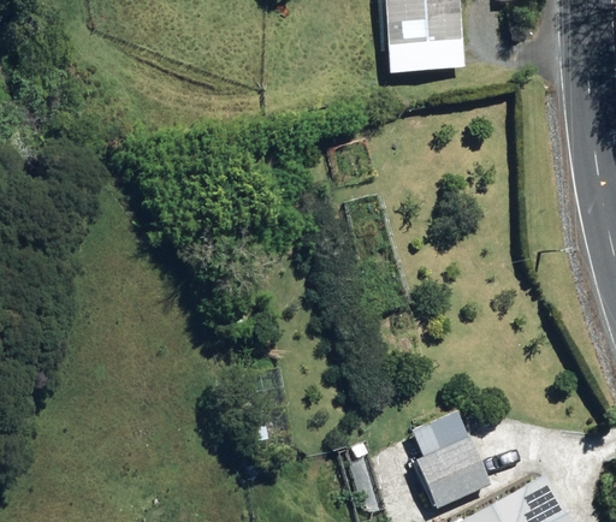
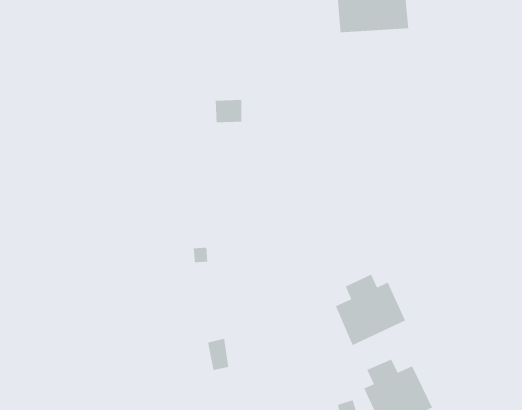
building: none -> [335,273,406,346]

